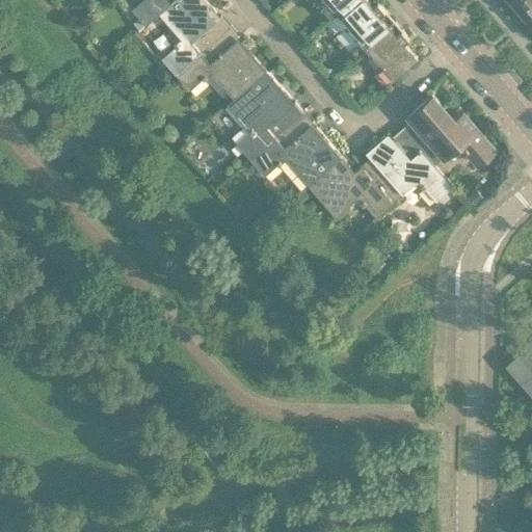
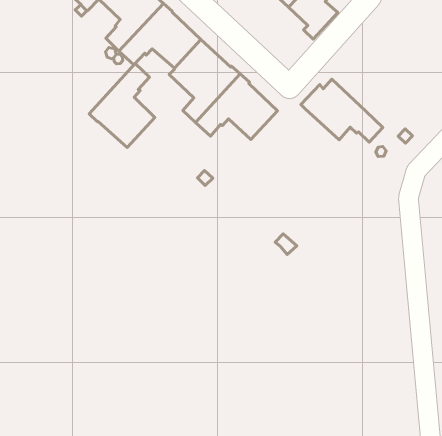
building: none -> [89,64,155,147]
building: [401,95,493,167] -> none
building: [307,157,402,218] -> none

